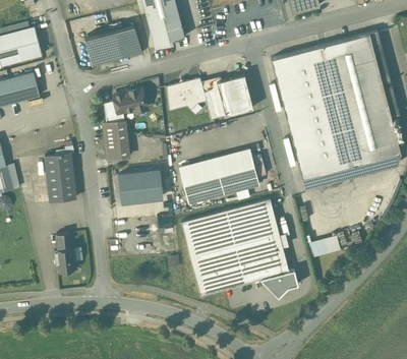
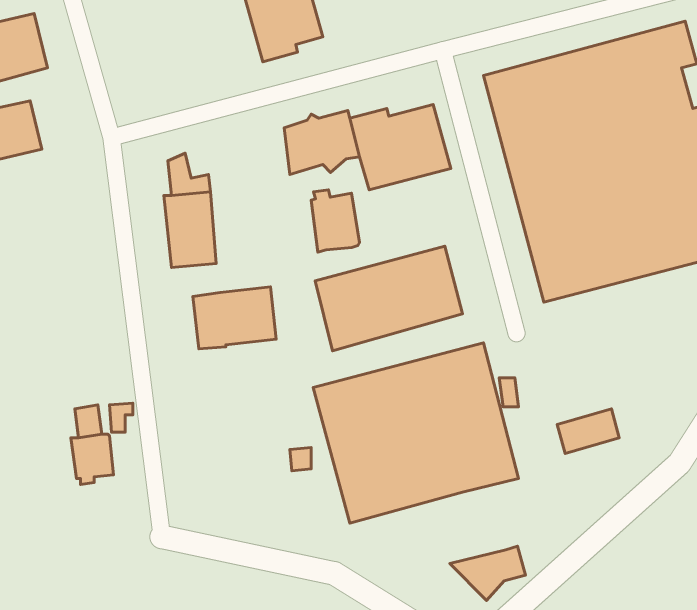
building: [84,24,141,67] -> none
building: [112,86,148,113] -> none
building: none -> [311,190,359,252]
building: [44,151,75,201] -> none
building: [259,268,299,297] -> [450,546,525,600]

